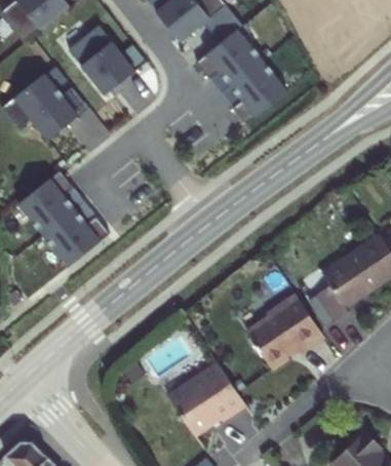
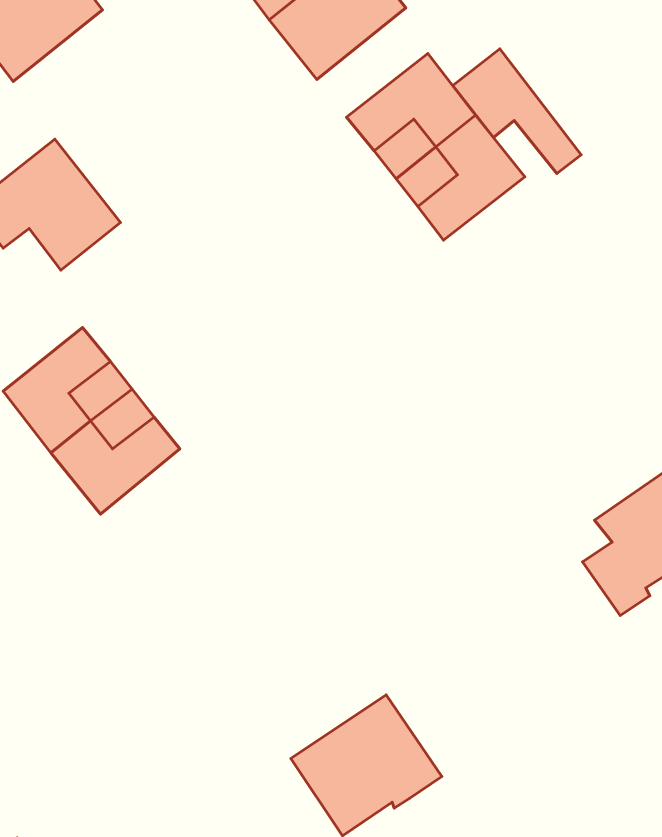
building: [69,27,134,95] -> none
building: none -> [453,49,581,174]
building: [253,289,330,363] -> none

